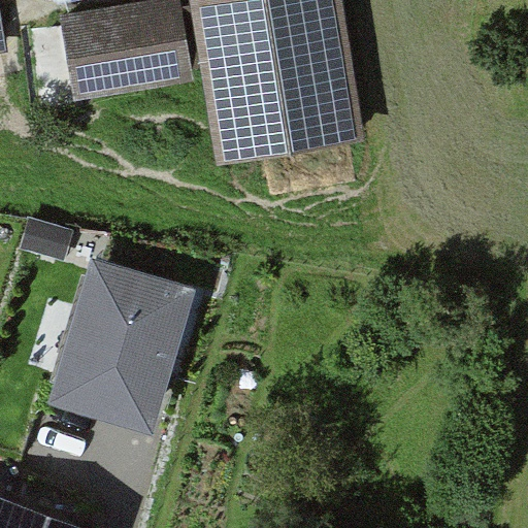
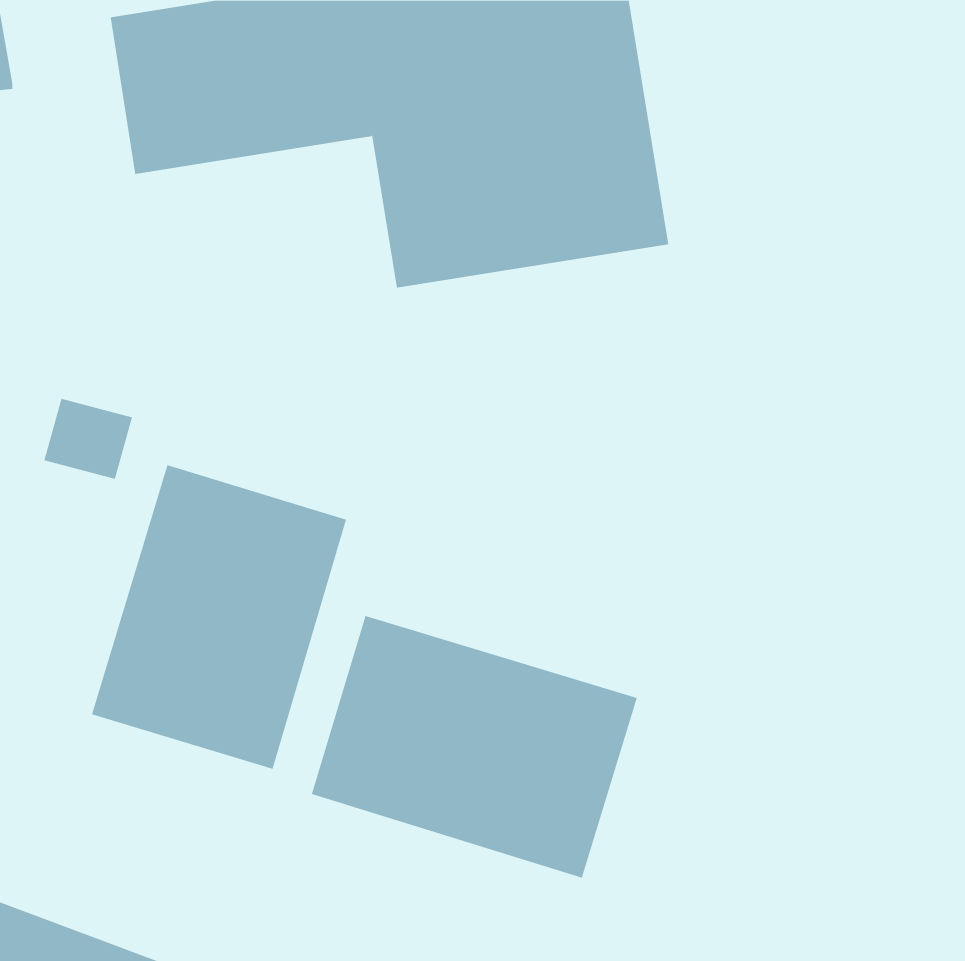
building: none -> [311,615,637,878]

